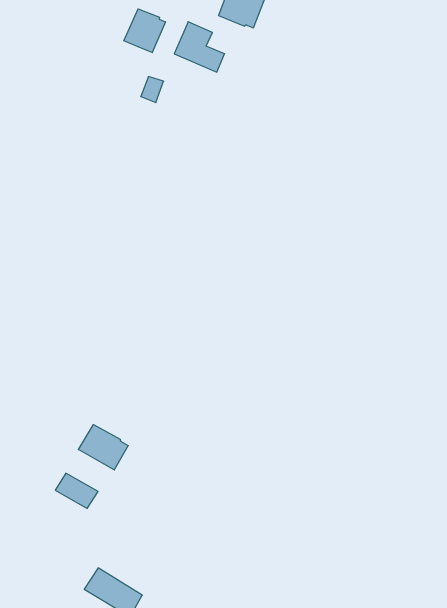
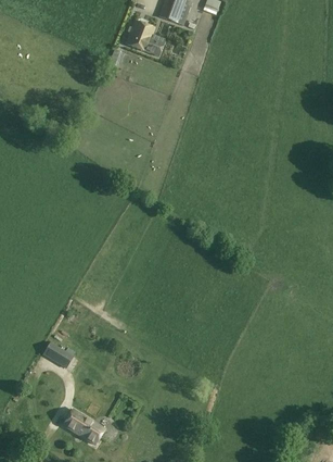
building: [124,9,165,53] -> none
building: [78,425,128,470] -> none

